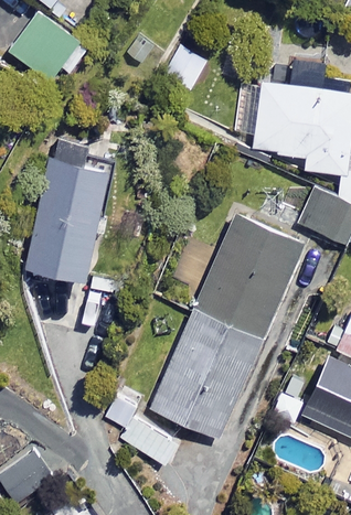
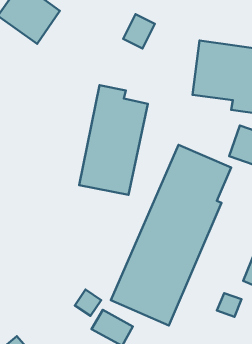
building: [26,140,113,278] -> [79,85,148,195]

